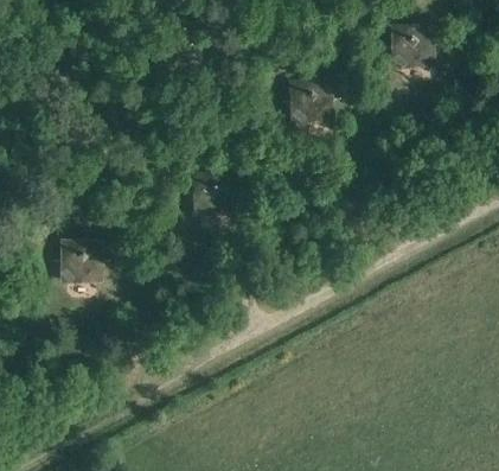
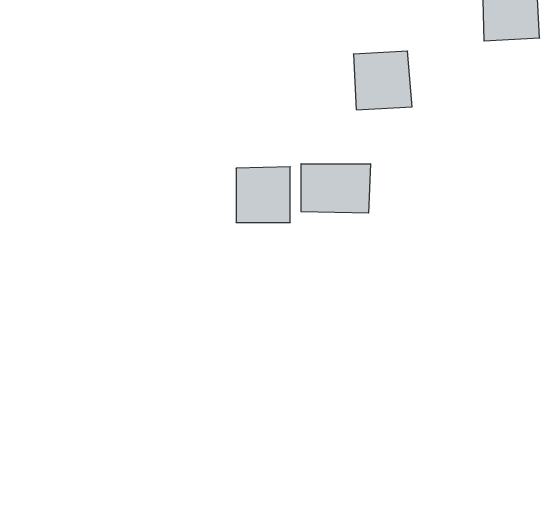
building: none -> [301,164,370,213]
building: [60,242,104,286] -> none

